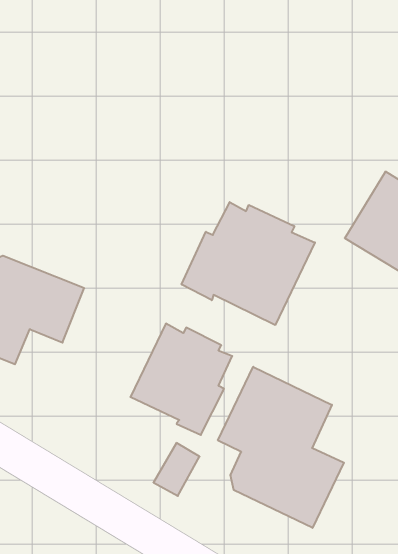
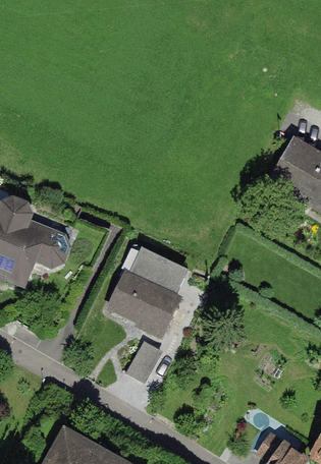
building: [182,202,315,325] -> none
building: [218,367,344,528] -> none

